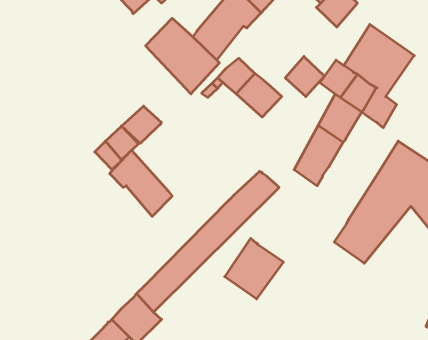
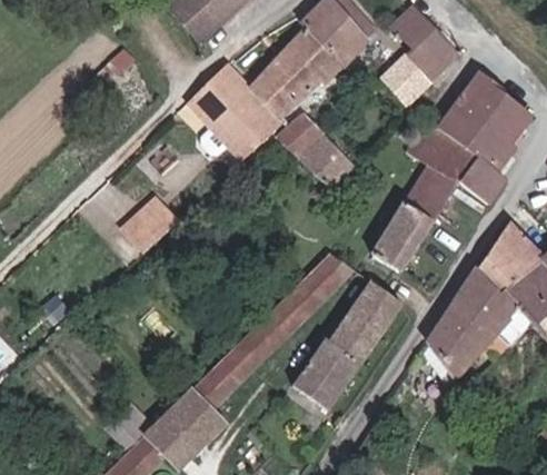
building: [285,56,324,97] -> [380,50,429,100]
building: [121,106,161,143] -> none
building: [110,150,172,216] -> none
building: none -> [328,286,401,368]

